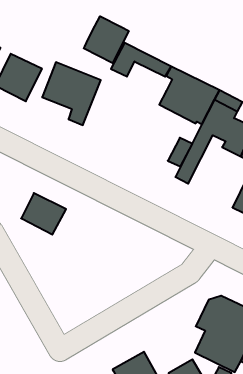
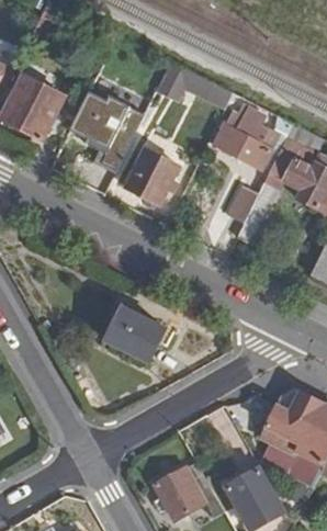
building: [84,16,129,63] -> none
building: none -> [126,149,179,203]
building: [21,193,66,235] -> [106,307,165,361]

